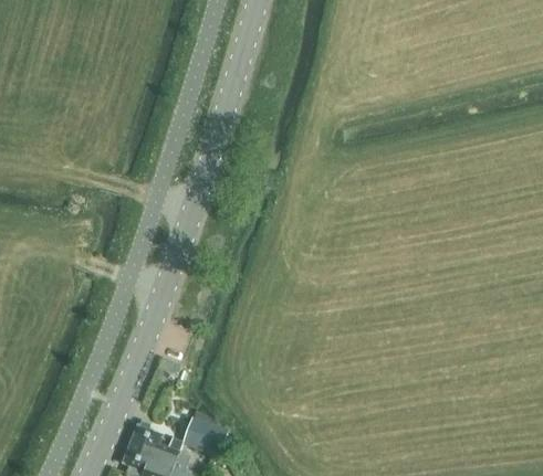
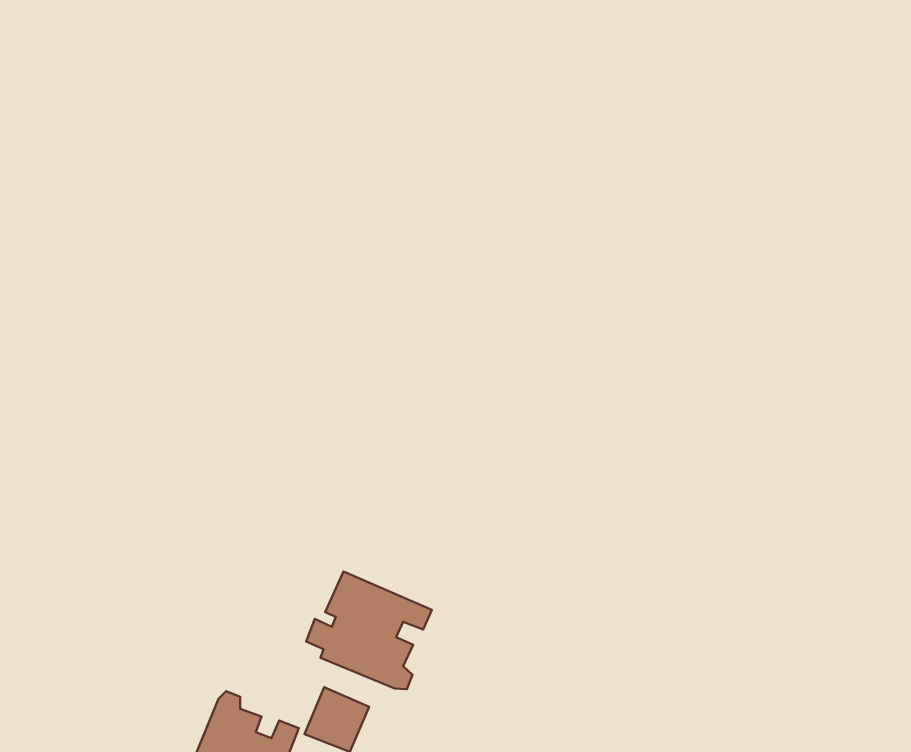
building: none -> [306,571,432,689]

